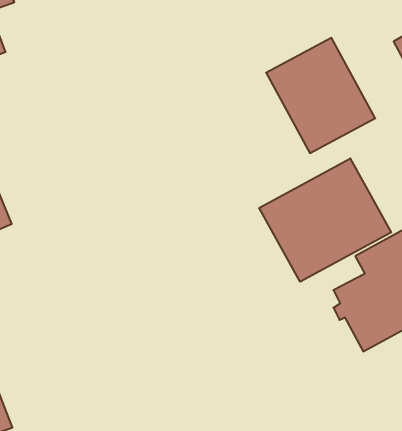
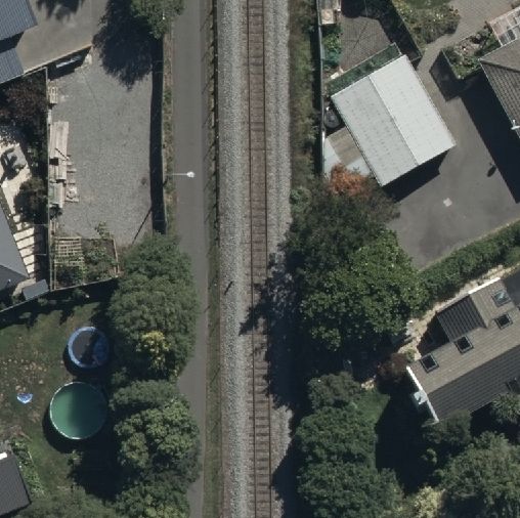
building: [259,158,391,282] -> none

